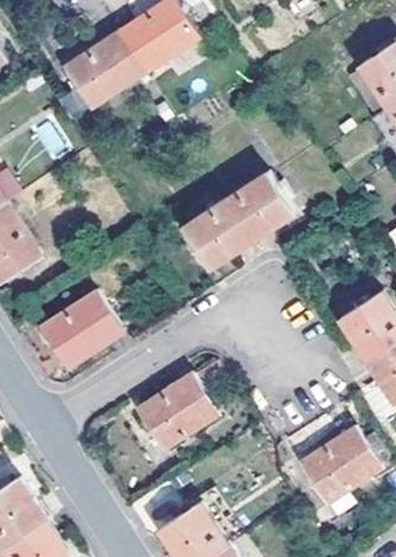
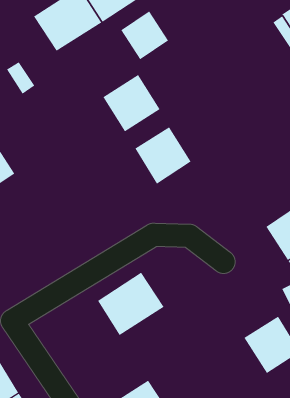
building: none -> [120,11,169,60]
building: [224,172,293,241] -> [103,74,161,132]
building: [39,290,121,367] -> none

